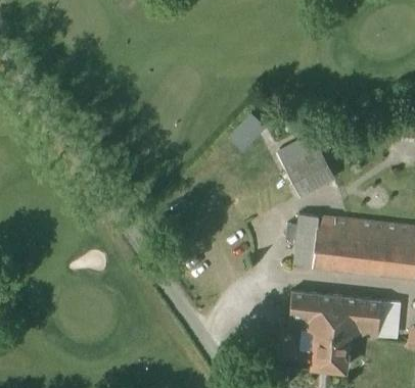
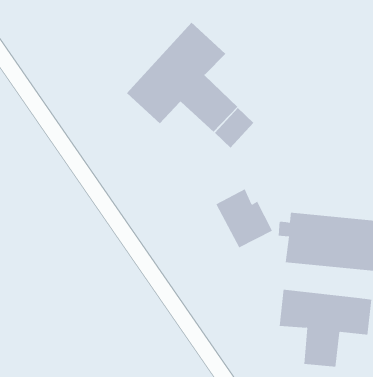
building: none -> [126,22,238,133]
building: [279,135,336,194] -> [215,189,273,248]

